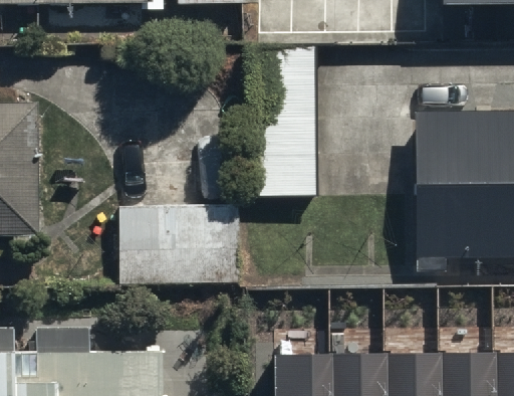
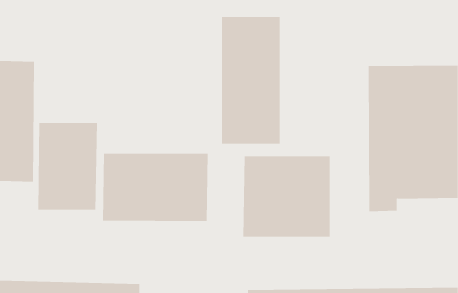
building: none -> [38,122,97,210]
building: none -> [243,156,330,237]

